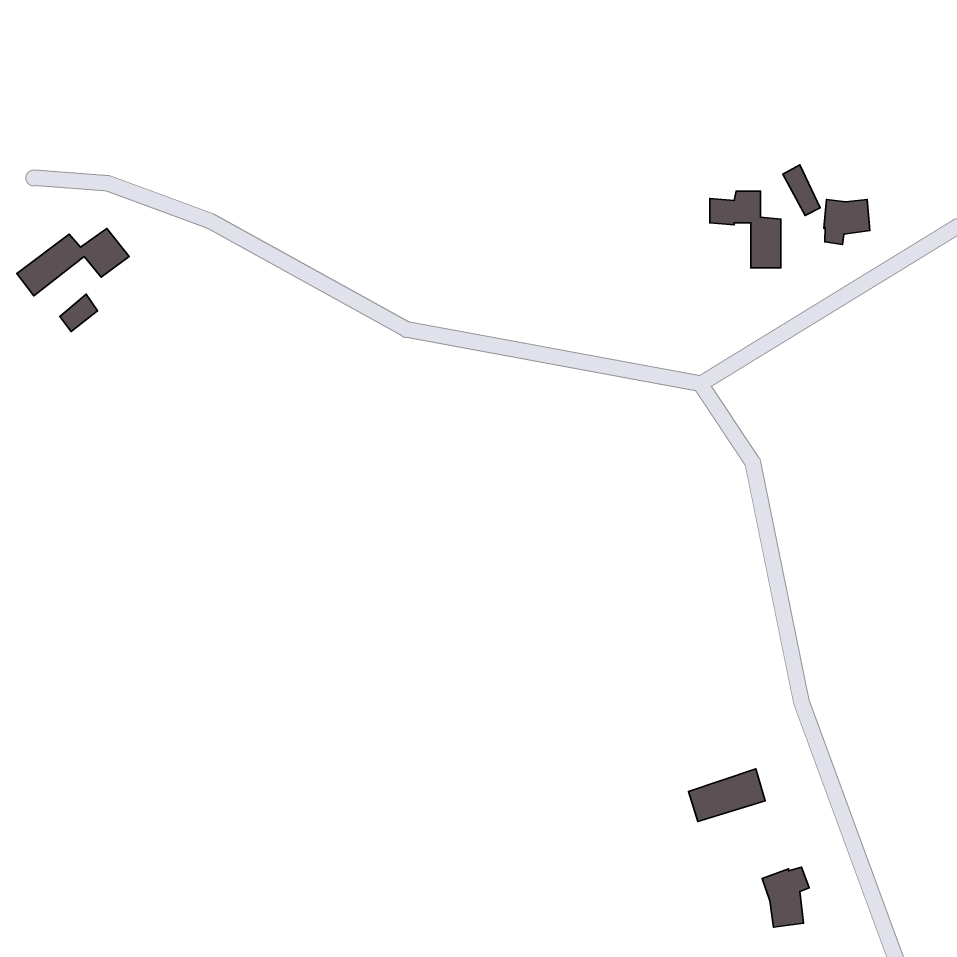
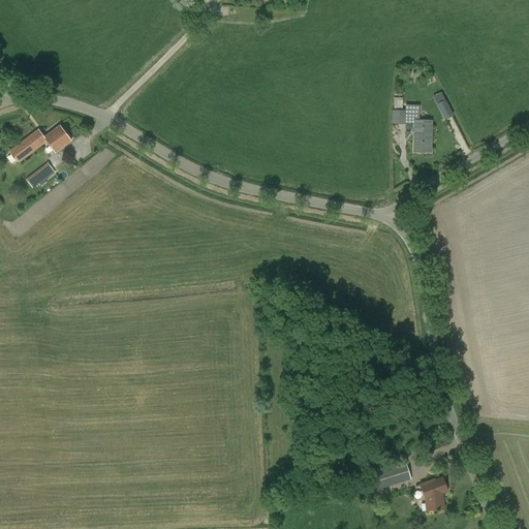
building: [824,200,870,244] -> none
building: [689,769,765,821] -> [368,462,410,491]

